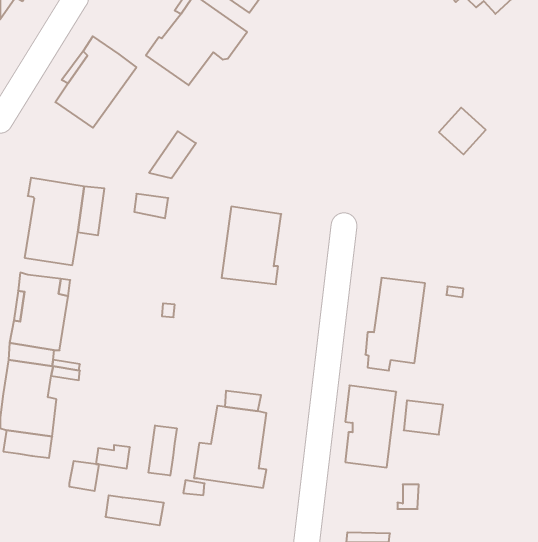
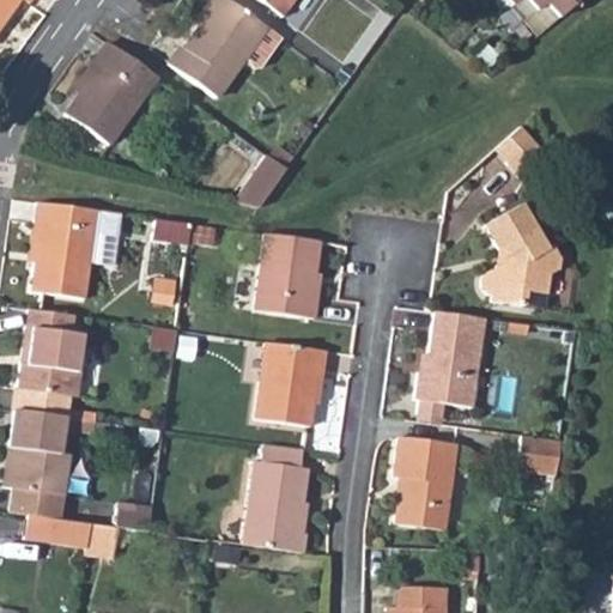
building: [149,131,196,178] -> [237,153,290,206]
building: none -> [482,205,563,310]
building: none -> [257,340,328,425]
building: [404,400,443,435] -> [516,432,560,471]
building: [149,425,177,476] -> none
building: [105,495,164,525] -> [24,510,90,544]

